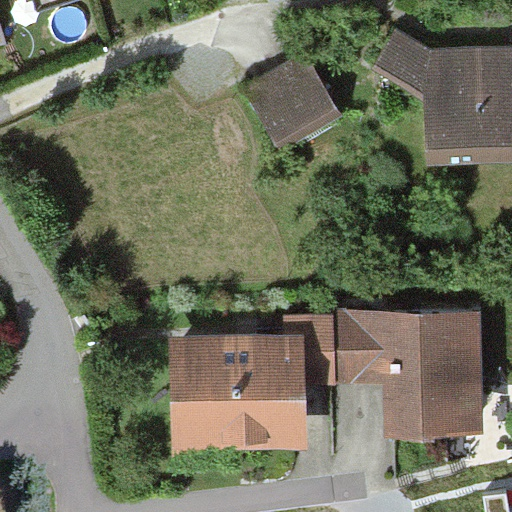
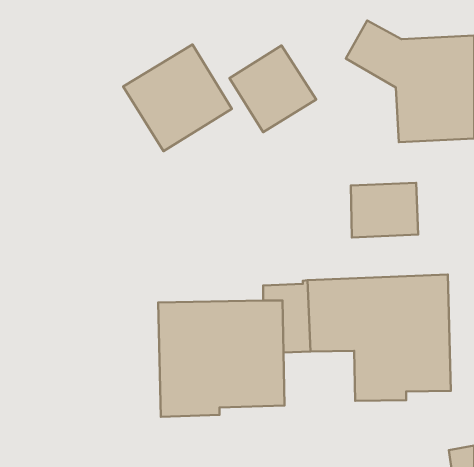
building: none -> [123,44,232,151]
building: none -> [351,183,418,237]

